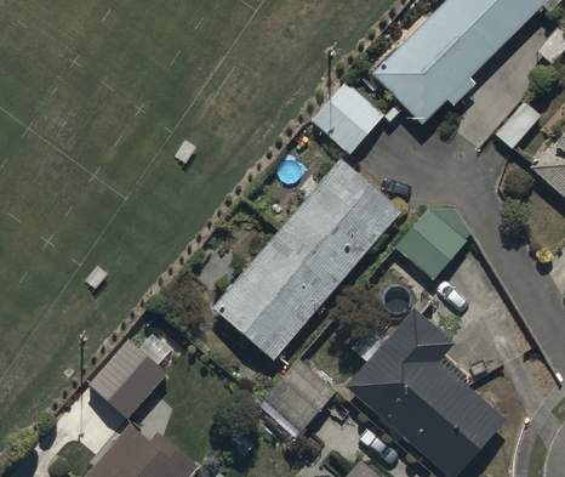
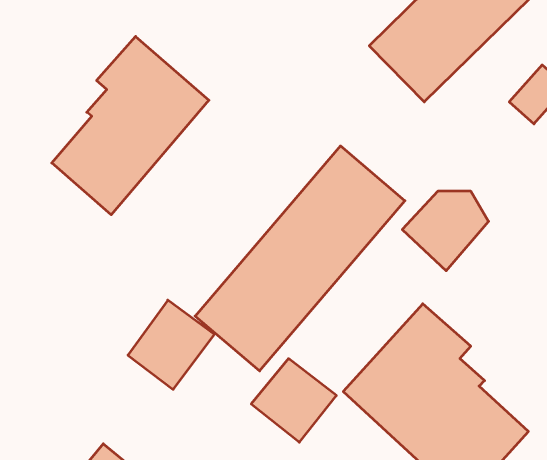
building: none -> [52,36,209,215]
building: [308,86,381,158] -> none
building: [95,341,171,420] -> [128,300,214,389]

